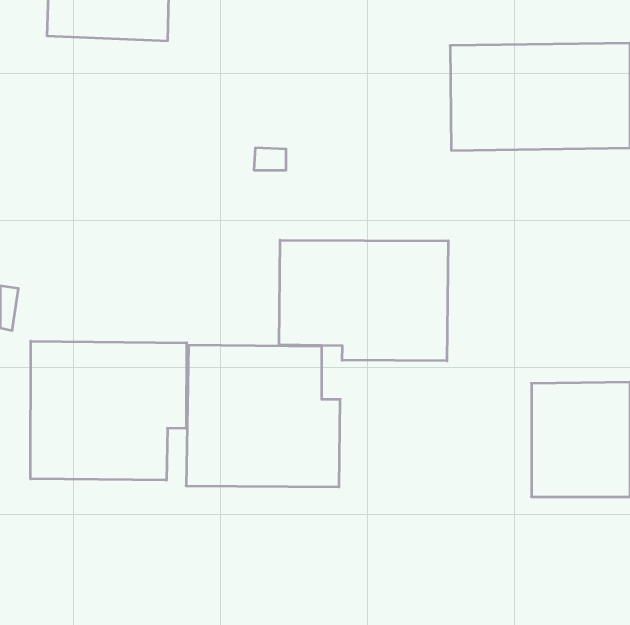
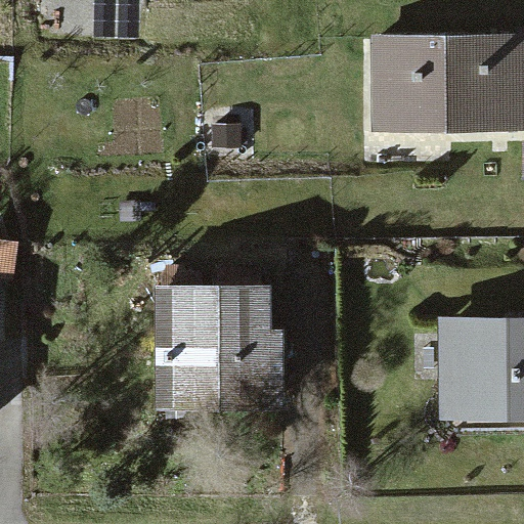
building: [279,240,448,361] -> none
building: [31,341,187,480] -> none

